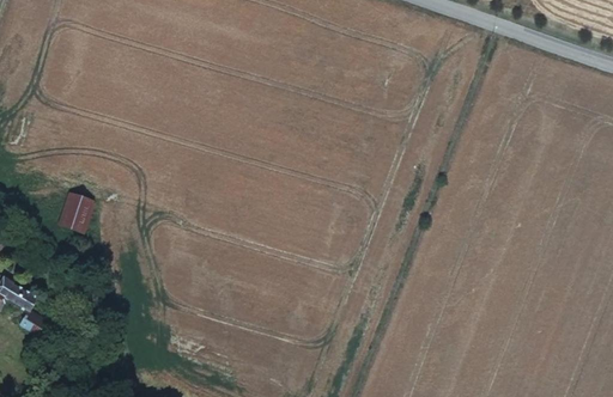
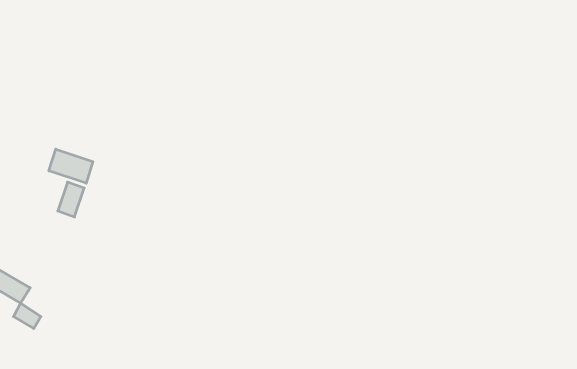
building: none -> [49,149,93,183]

